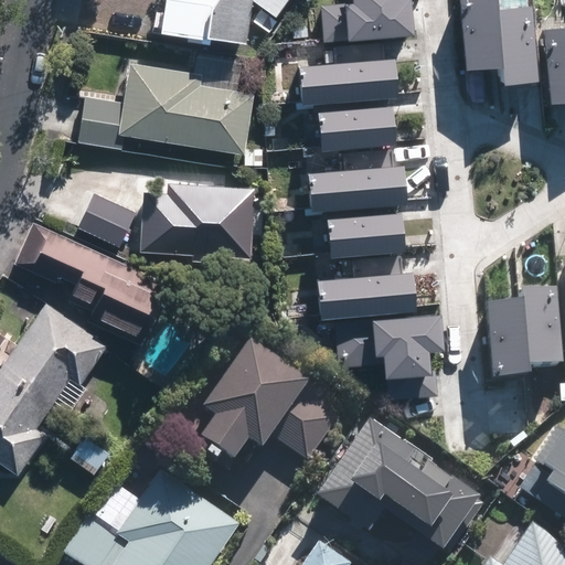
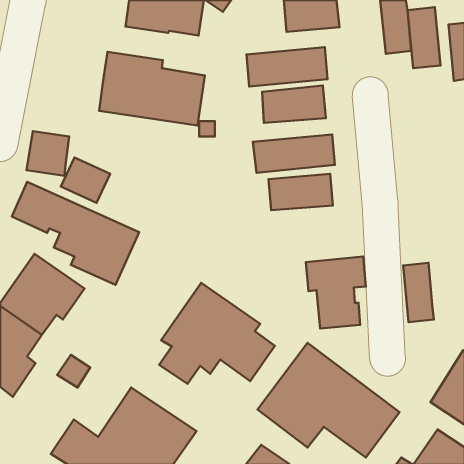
building: [74,95,126,149] -> [26,131,69,176]
building: [136,182,253,257] -> none
building: [318,270,417,319] -> none
building: [520,297,558,371] -> none

